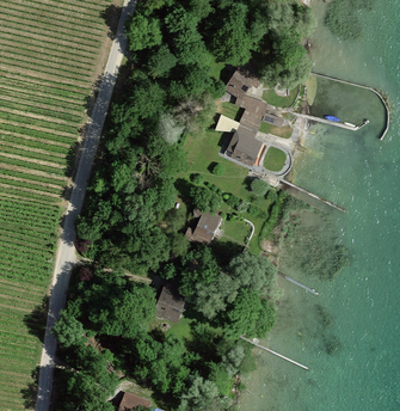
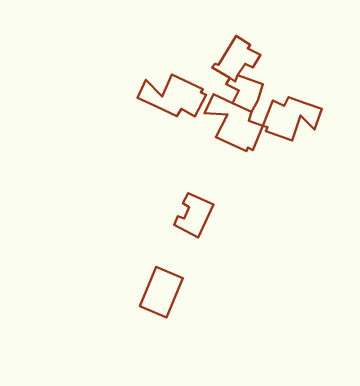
building: none -> [137,75,206,117]
building: none -> [263,97,322,141]

